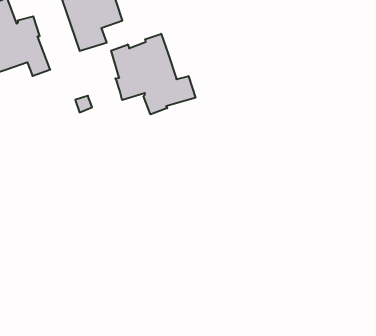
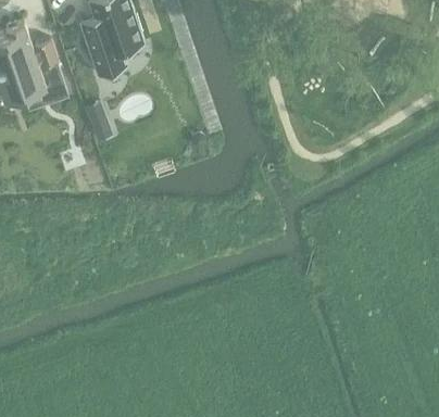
building: [111,34,195,114] -> none

